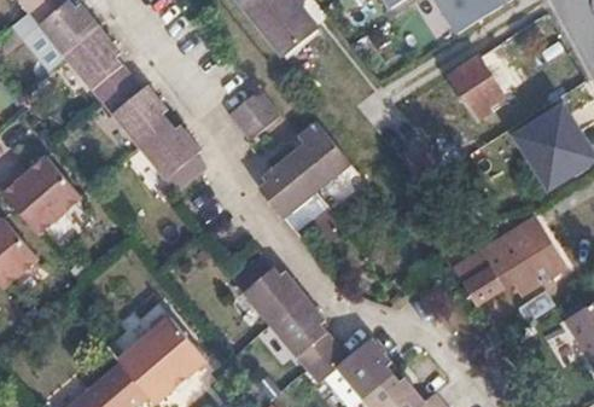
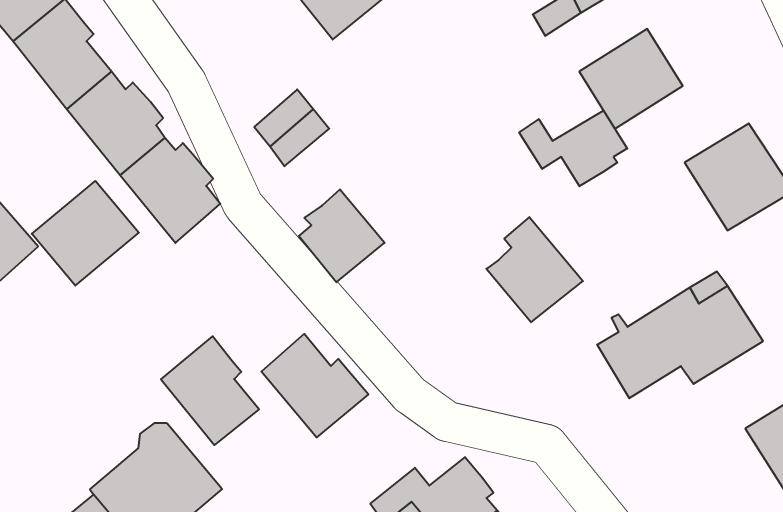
building: none -> [519,110,627,186]
building: [286,122,351,193] -> [486,217,583,322]
building: none -> [32,181,139,286]
building: [270,296,337,370] -> [161,336,259,445]

